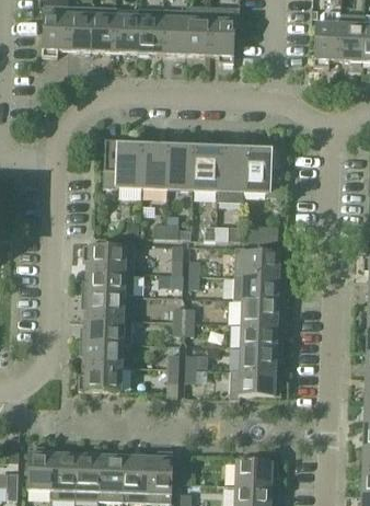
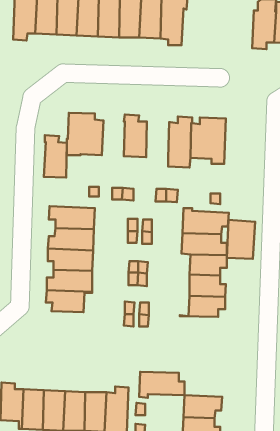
building: [142,140,169,188] -> [44,135,67,178]
building: [193,142,220,191] -> none
building: none -> [227,220,255,259]
building: [78,365,122,391] -> none
building: [230,370,281,400] -> [139,372,185,398]

